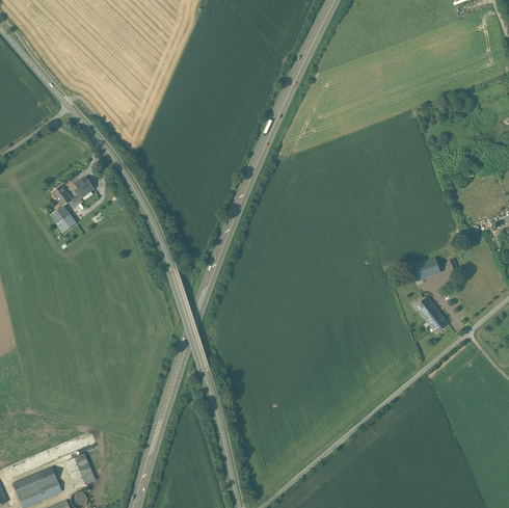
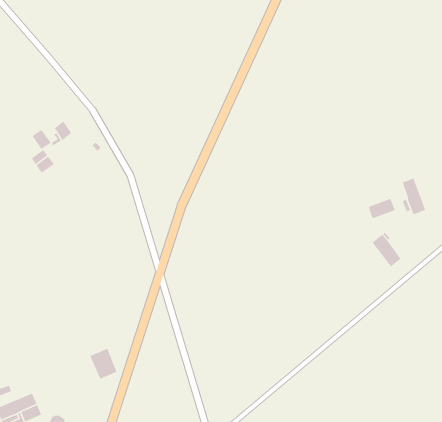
building: none -> [402,177,426,215]
building: [64,454,95,488] -> [89,348,117,380]

